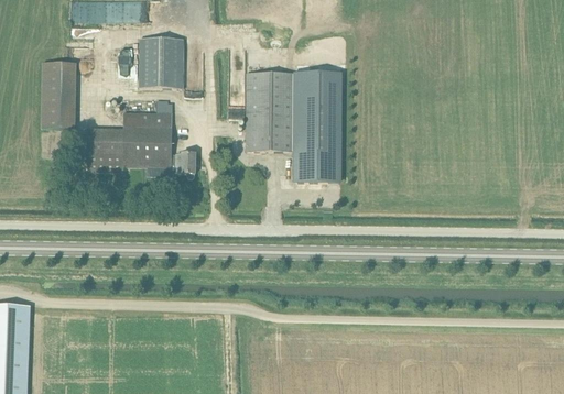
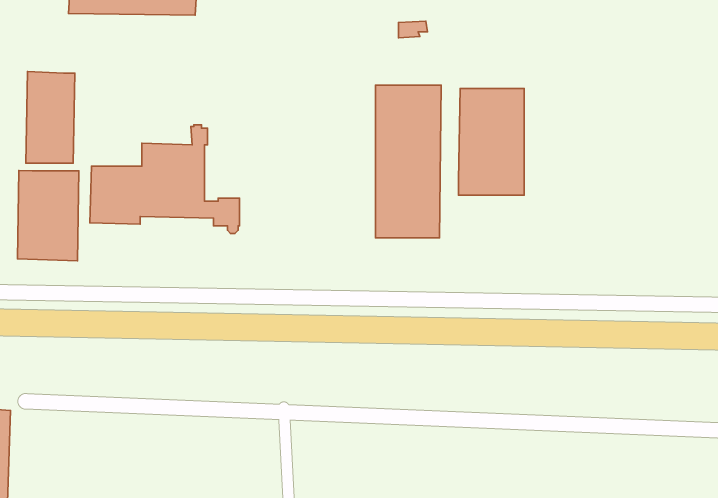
building: [139,37,184,87] -> none
building: [246,73,293,150] -> [459,88,524,195]
building: none -> [17,170,79,261]

